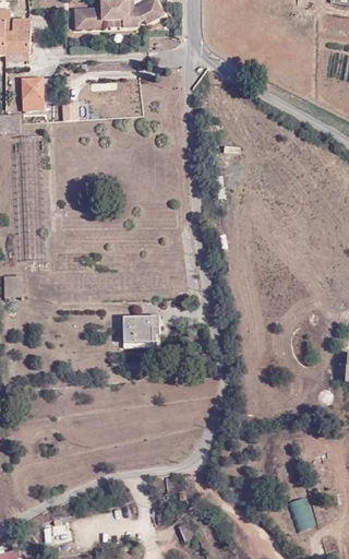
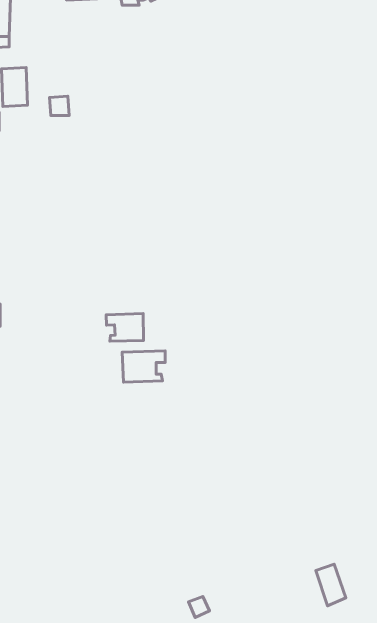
building: none -> [106,314,144,341]

